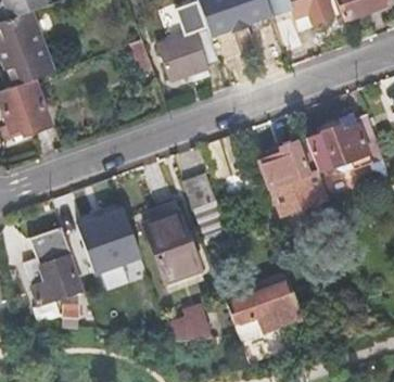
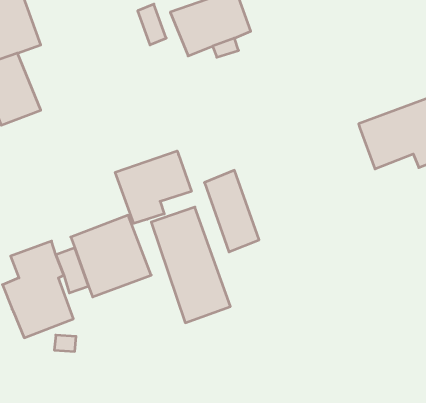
building: [262,137,329,214] -> none
building: none -> [115,151,191,223]
building: [226,279,302,335] -> none
building: [166,304,213,340] -> none

